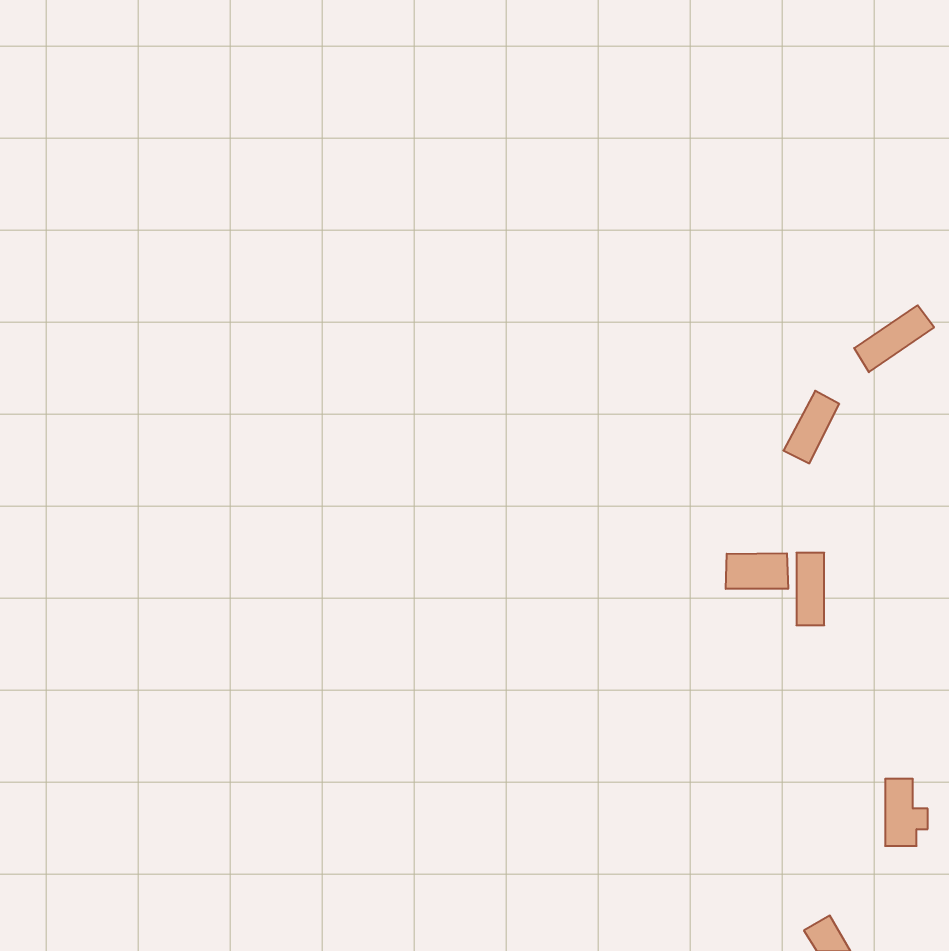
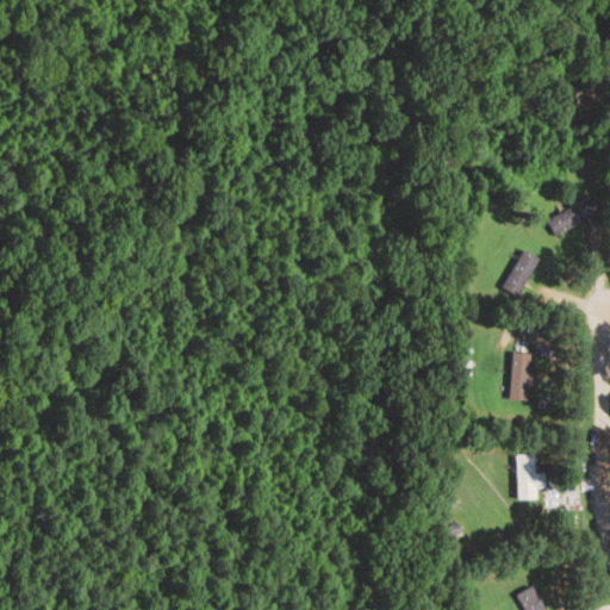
building: [726,553,788,589] -> none
building: [885,779,928,846] -> [517,455,544,498]

